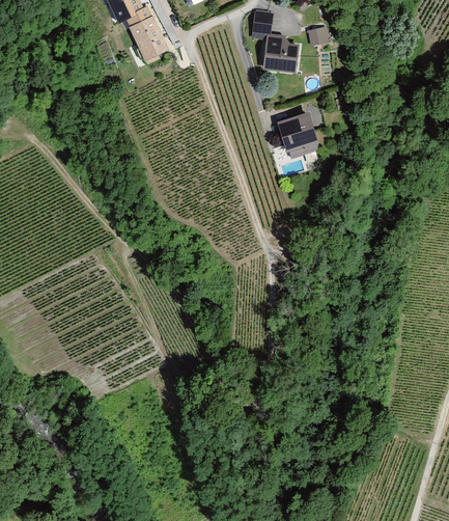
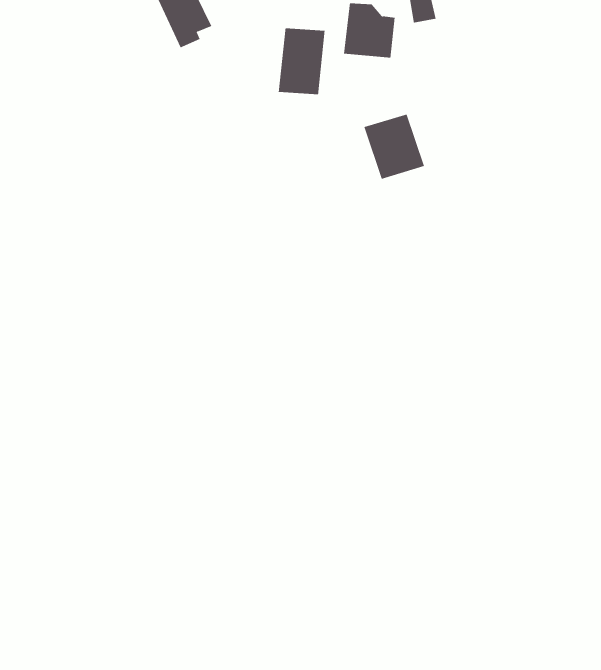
building: none -> [278,28,325,95]

